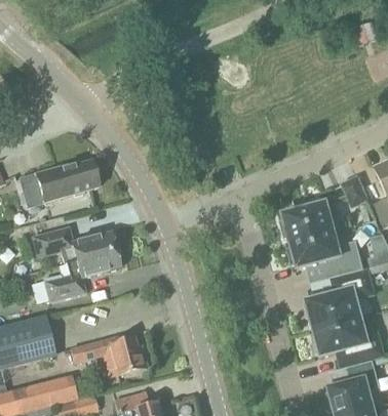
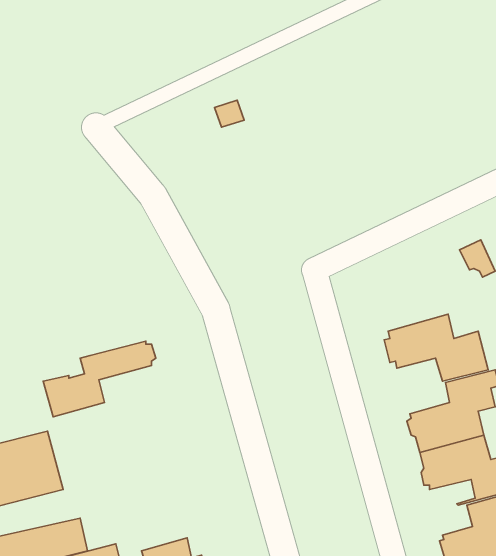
building: [32,160,99,204] -> none
building: [280,197,336,242] -> none
building: [32,227,119,263] -> none
building: [70,334,147,377] -> none

